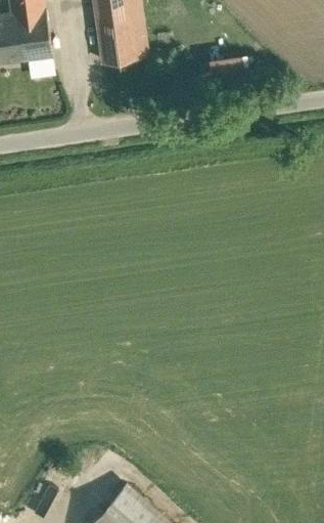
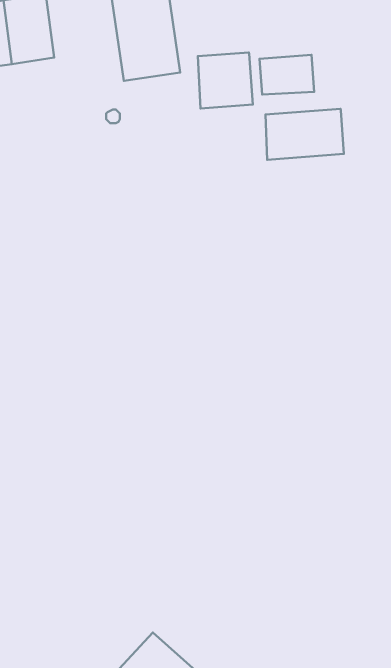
building: none -> [198,52,253,109]
building: none -> [265,109,344,160]

